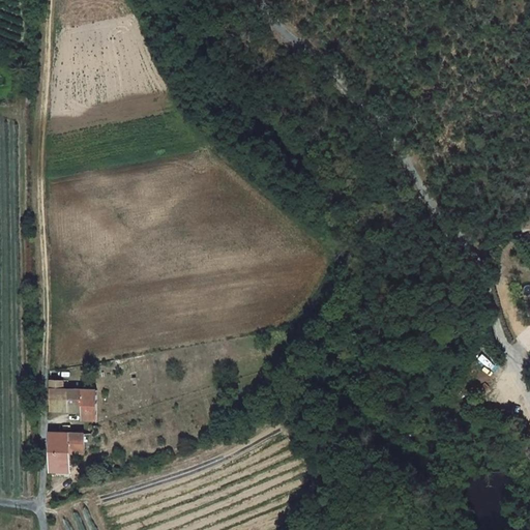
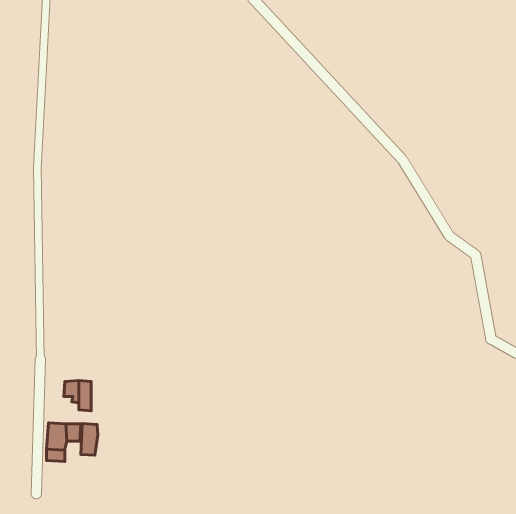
building: [48,380,66,411] -> none
building: none -> [81,423,98,455]

